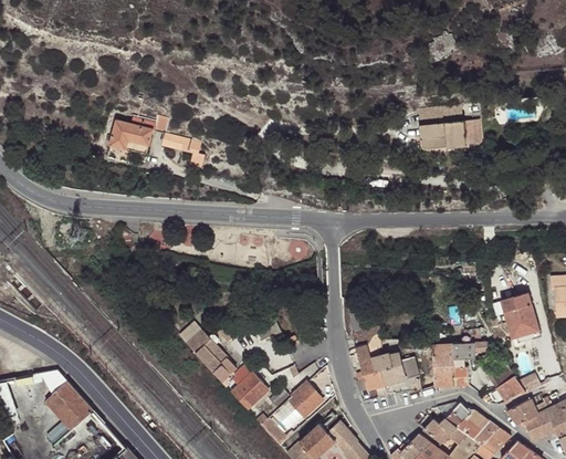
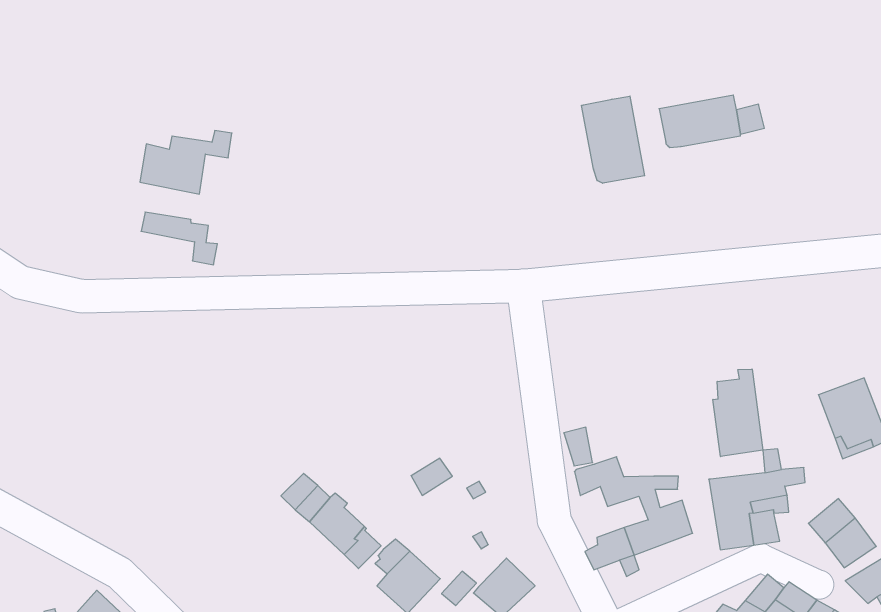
building: none -> [581,96,645,183]
building: [161,133,206,167] -> [141,212,217,265]
building: none -> [713,369,763,457]
building: [354,344,394,379] -> none

